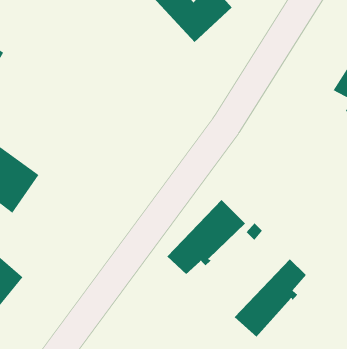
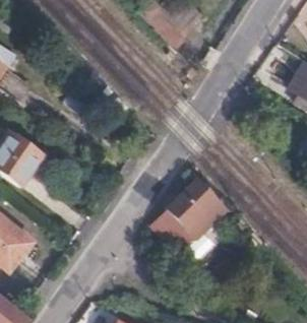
building: [234,259,307,338] -> none

